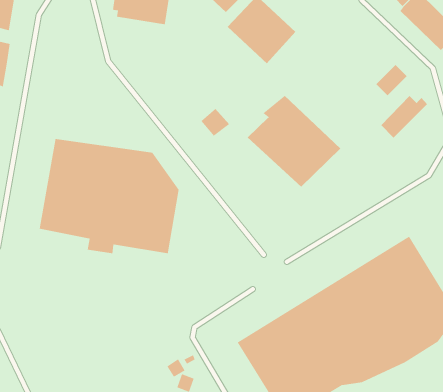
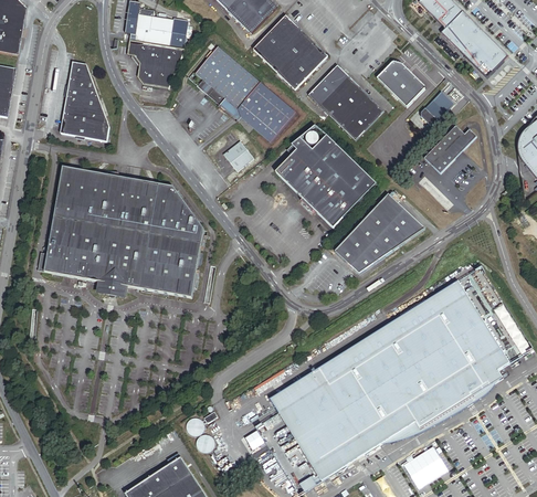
building: none -> [128,38,186,86]
building: none -> [187,44,293,139]
building: none -> [376,51,427,106]
building: none -> [56,60,106,139]
building: none -> [308,63,386,139]
building: none -> [333,194,424,272]

